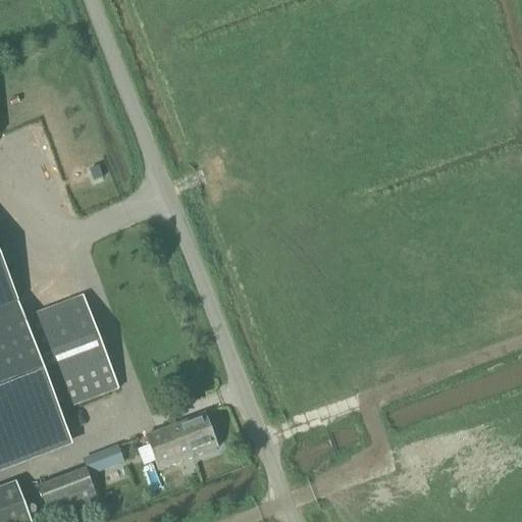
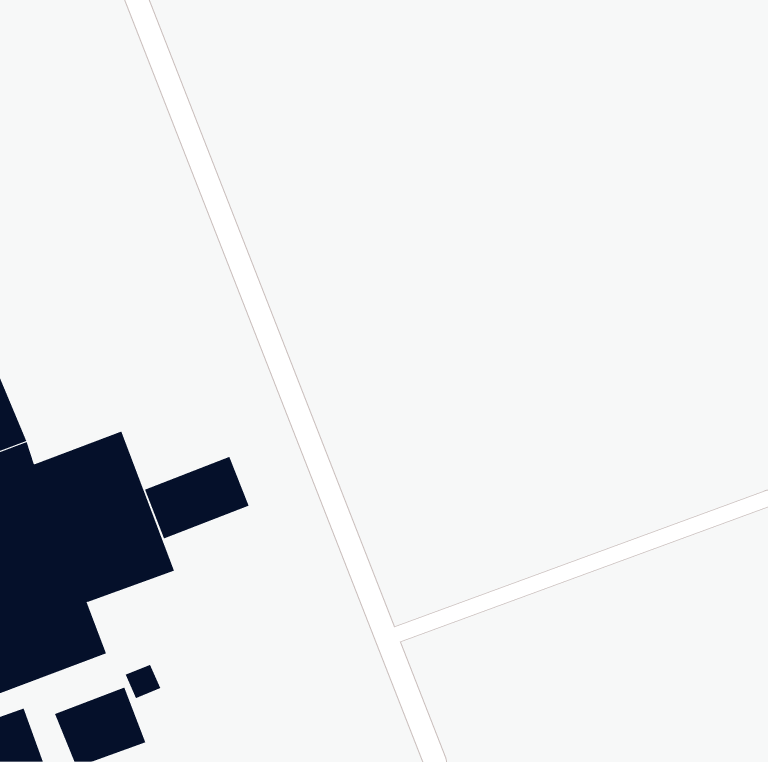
building: [146,411,217,467] -> [144,456,249,539]

